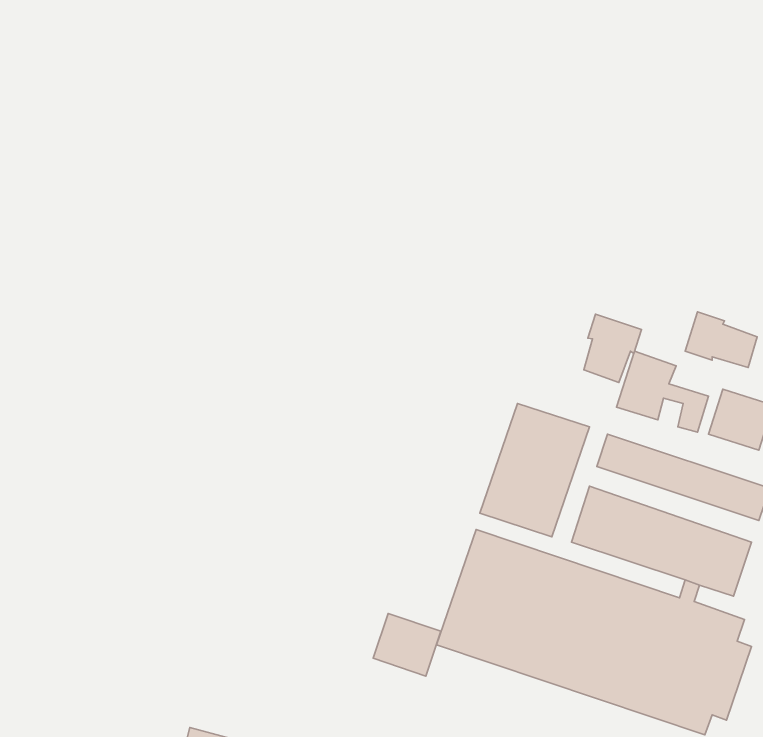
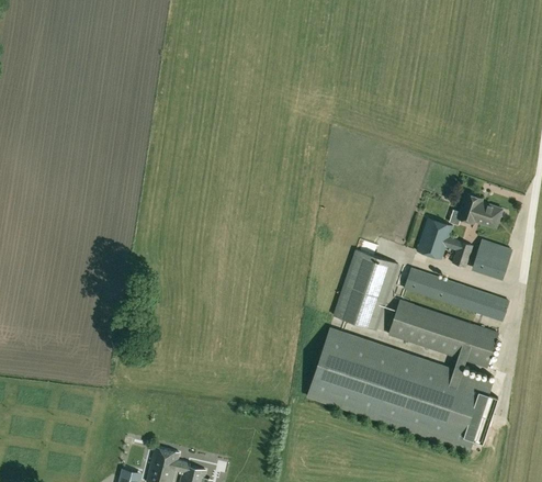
building: [584,314,642,382] -> none
building: [373,613,441,676] -> none

